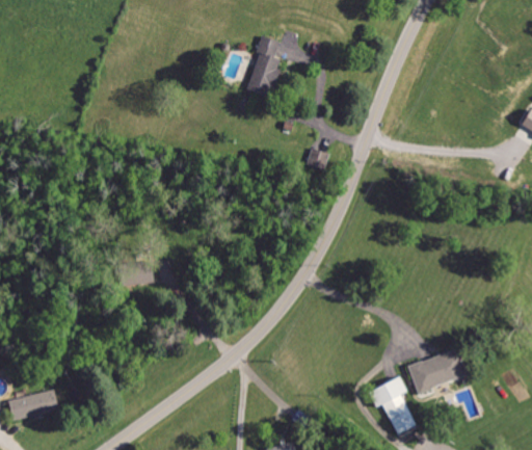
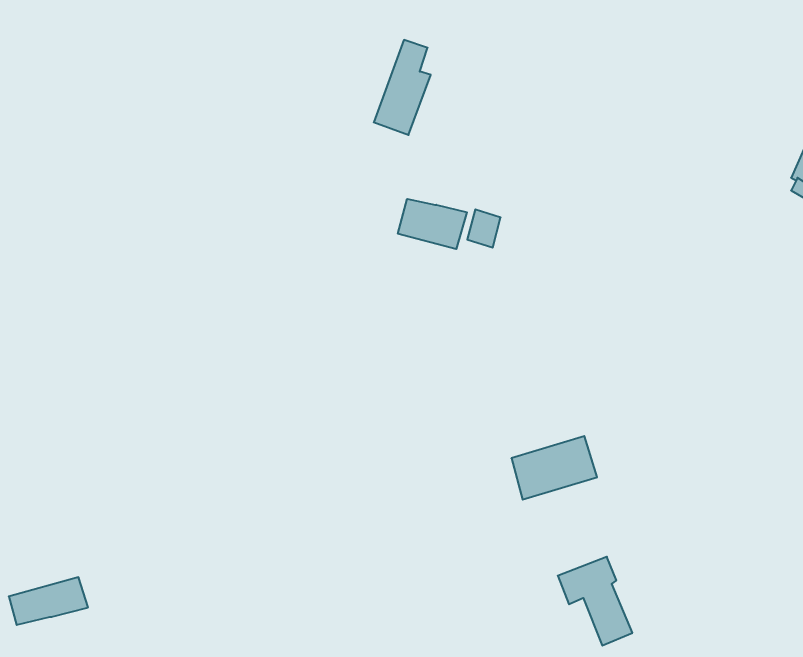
building: none -> [398,199,467,249]
building: [408,349,464,391] -> [511,436,597,500]

